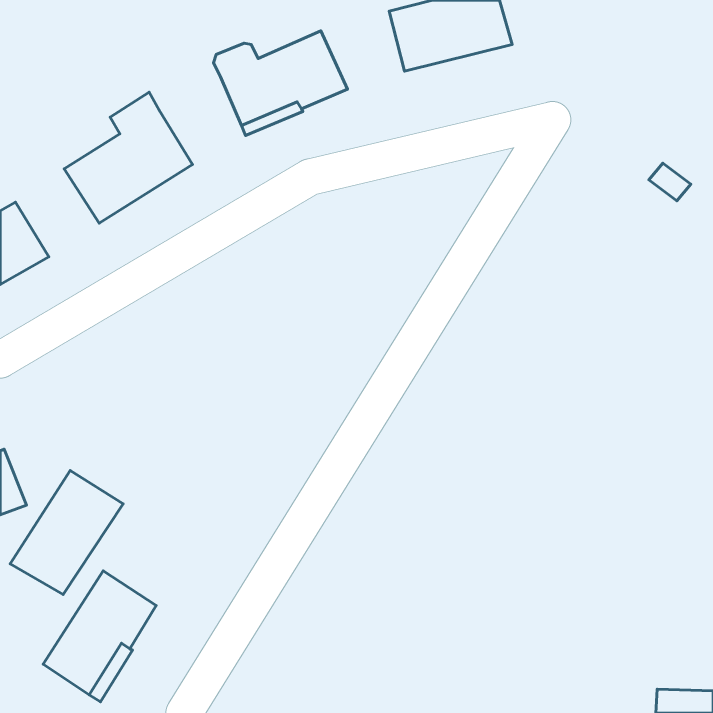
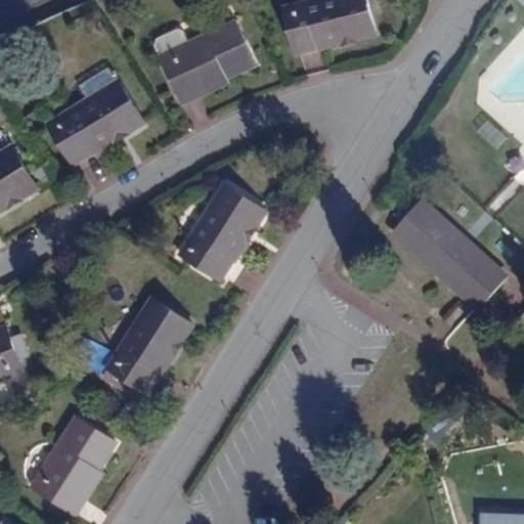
building: none -> [179,186,264,281]
building: none -> [396,205,501,306]
building: [10,470,123,595] -> [107,302,190,393]

